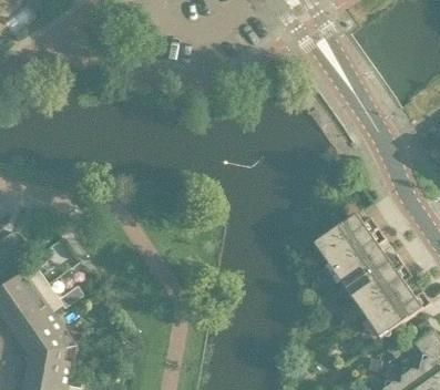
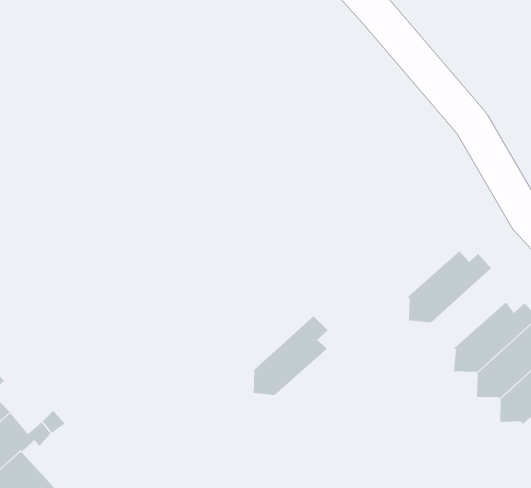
building: [328,232,383,281] -> [253,315,329,395]

